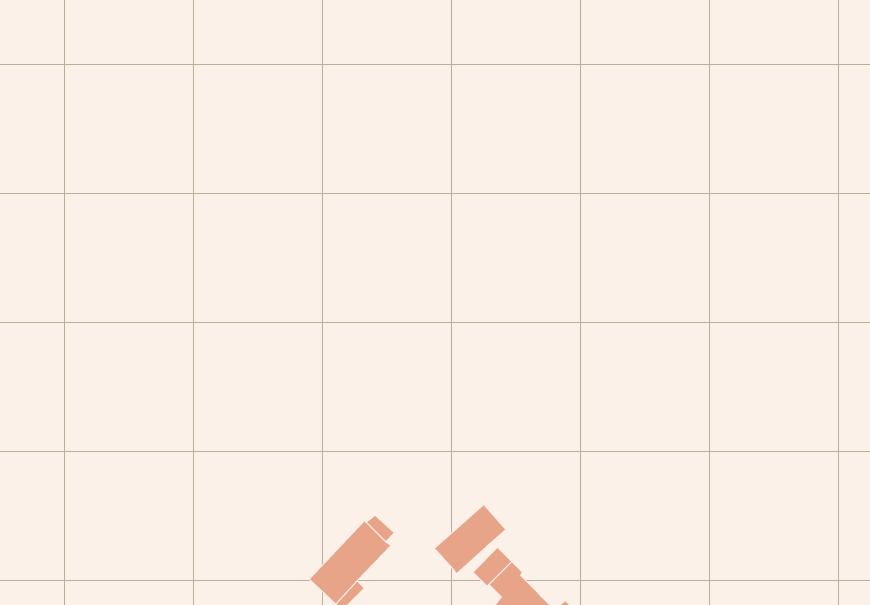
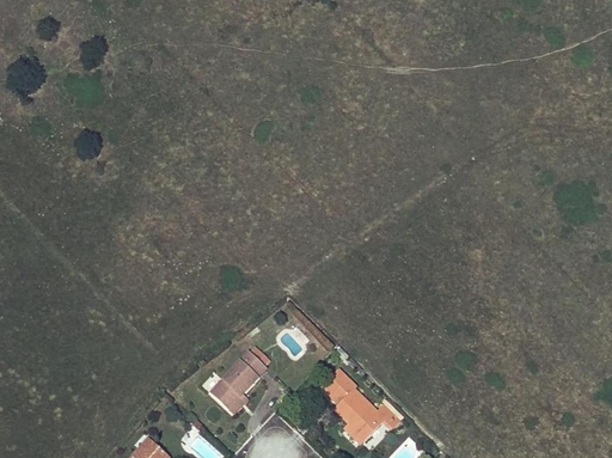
building: [434,504,506,574] -> none

